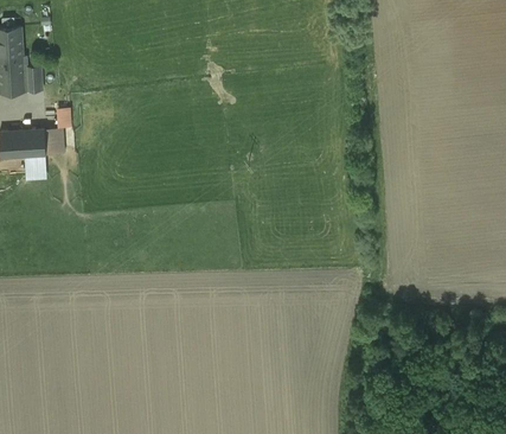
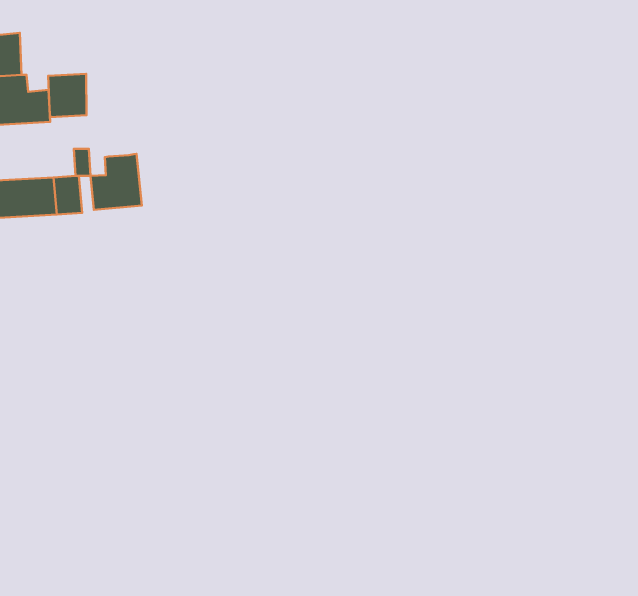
building: none -> [48,74,86,117]
building: none -> [91,154,142,210]

